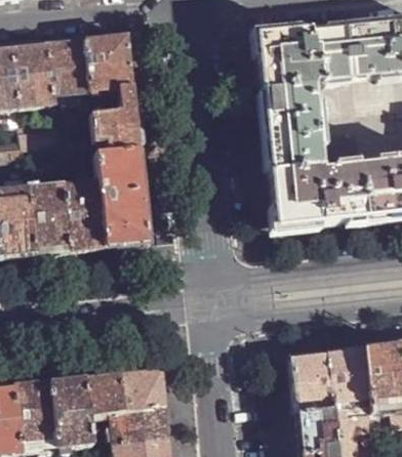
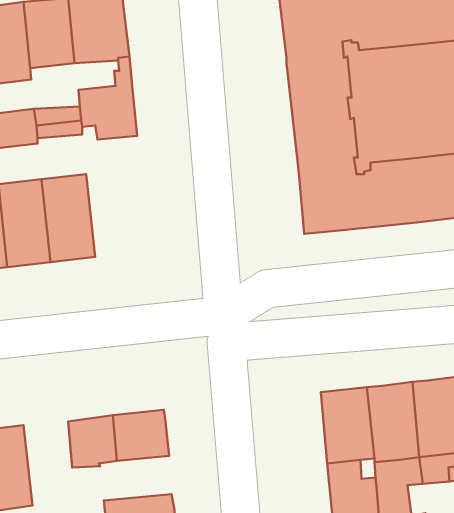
building: [97,149,150,246] -> none
building: [49,378,91,446] -> none
building: [110,406,168,442] -> none

